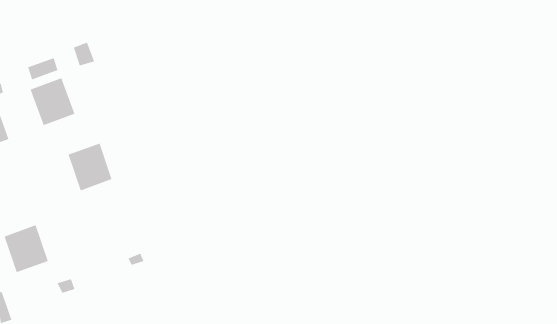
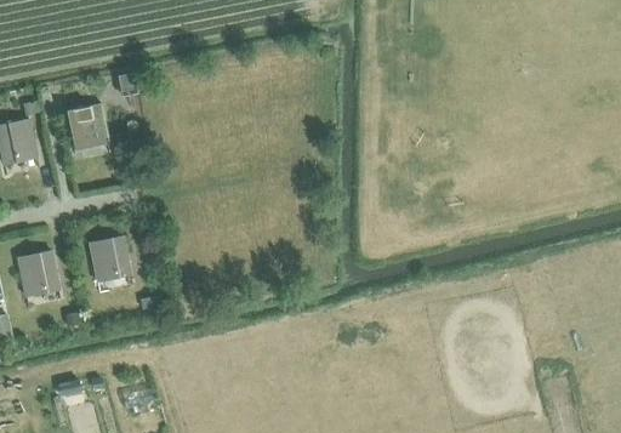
building: [67,142,113,191] -> [89,237,131,284]

